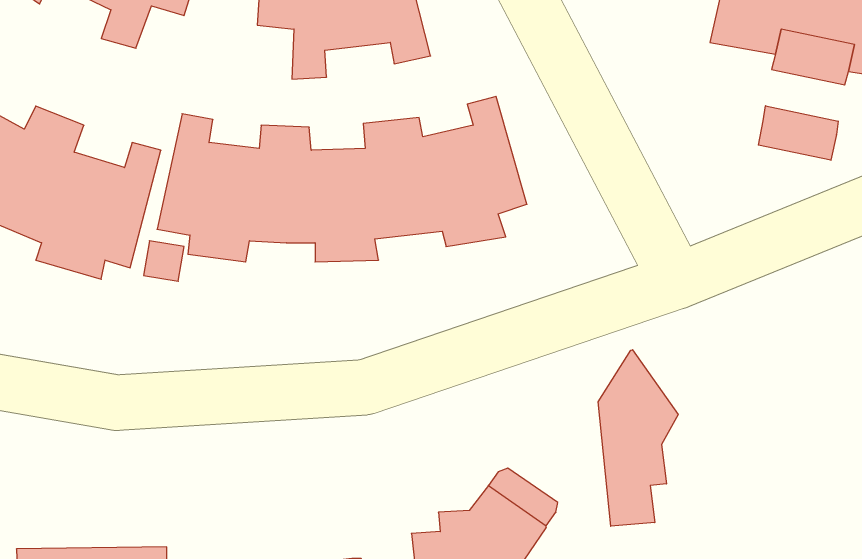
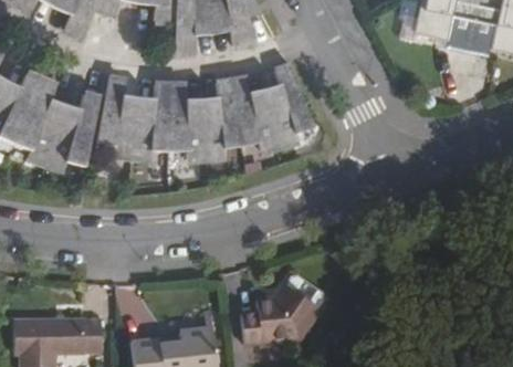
building: [758,106,838,160] -> none
building: [598,350,678,526] -> none

